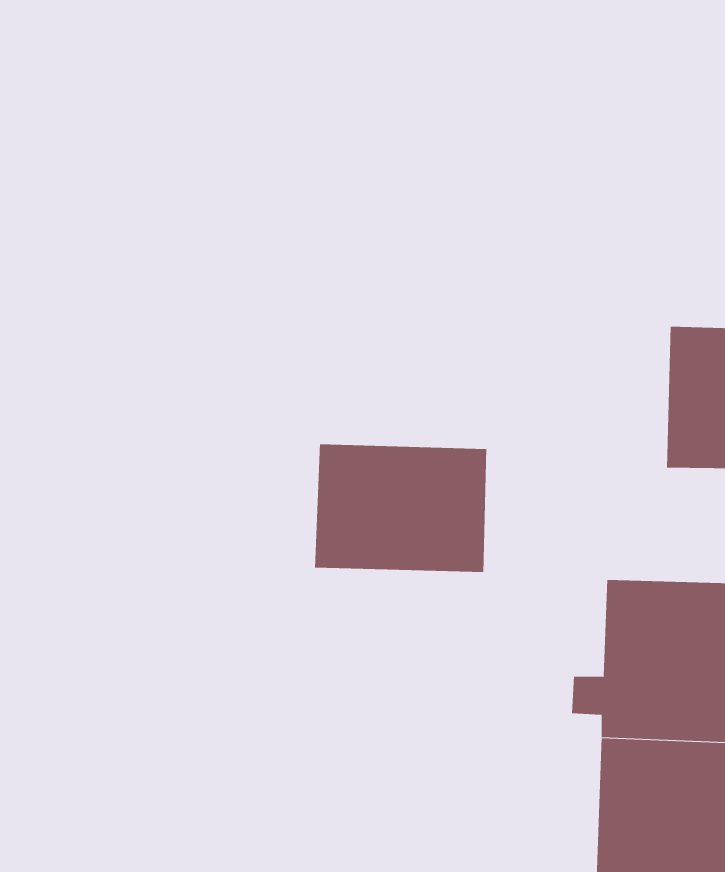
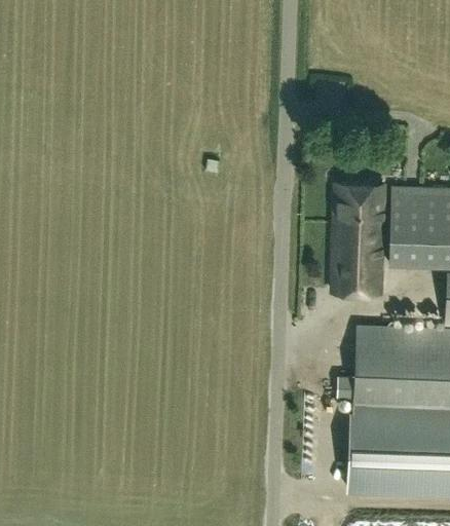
building: none -> [332,185,383,294]
building: [314,444,487,573] -> none

